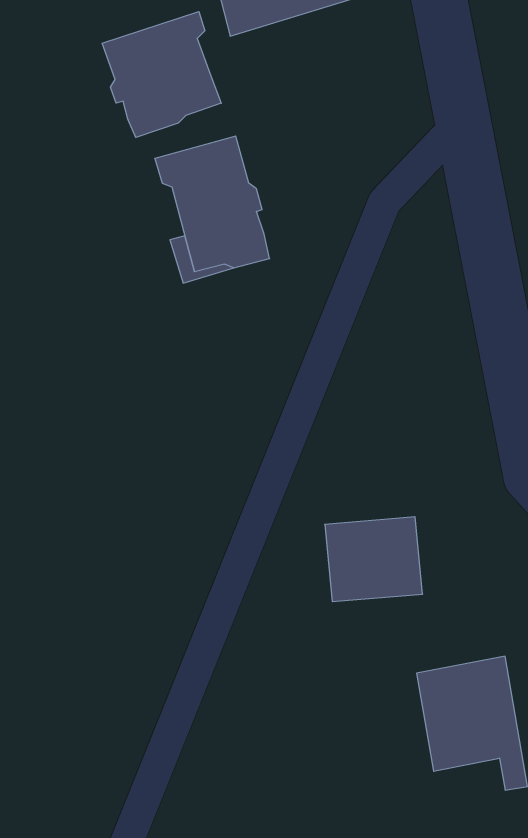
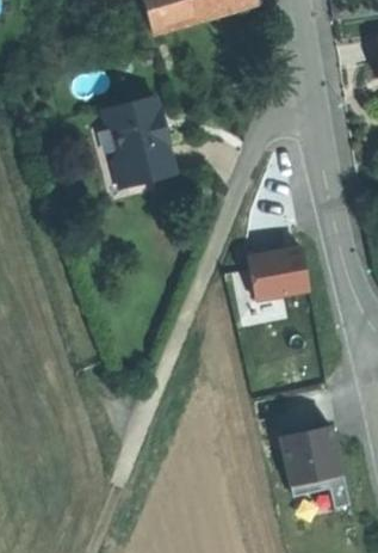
building: [102,12,221,137] -> none
building: [325,517,423,602] -> [240,247,302,301]

